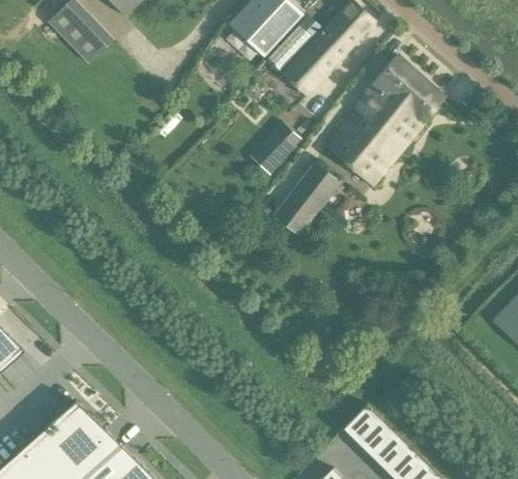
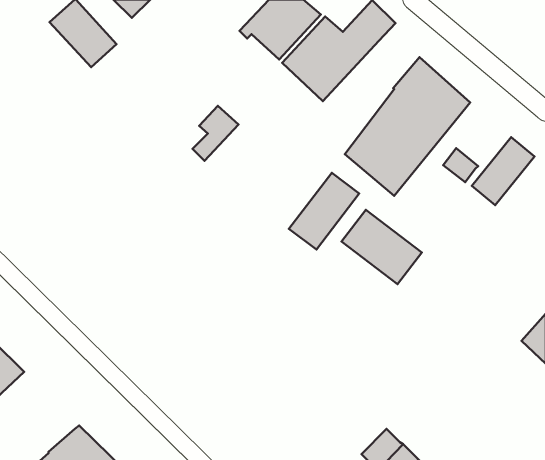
building: [257,122,300,174] -> [192,106,239,161]
building: none -> [472,137,535,205]
building: none -> [443,148,478,182]
building: none -> [341,210,422,284]

